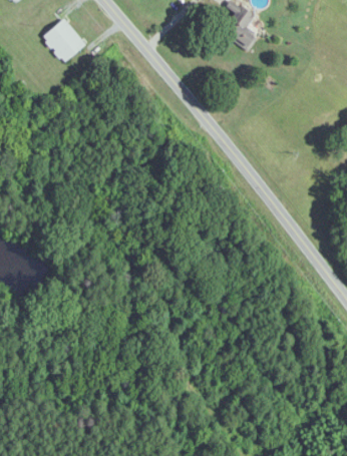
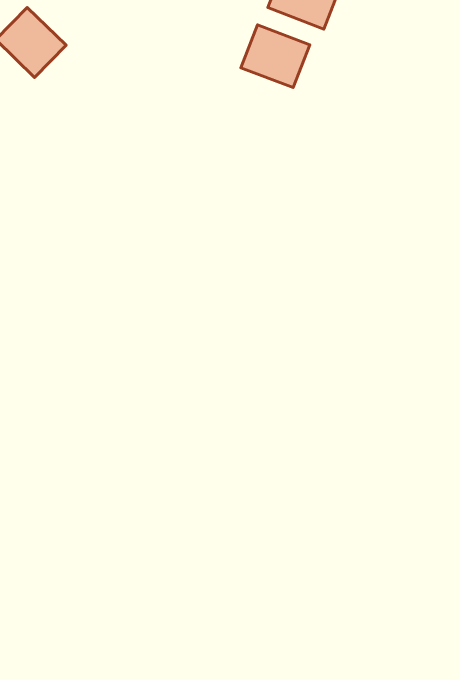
building: none -> [241,25,310,88]

